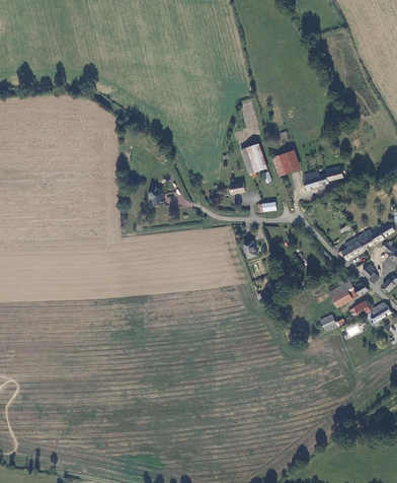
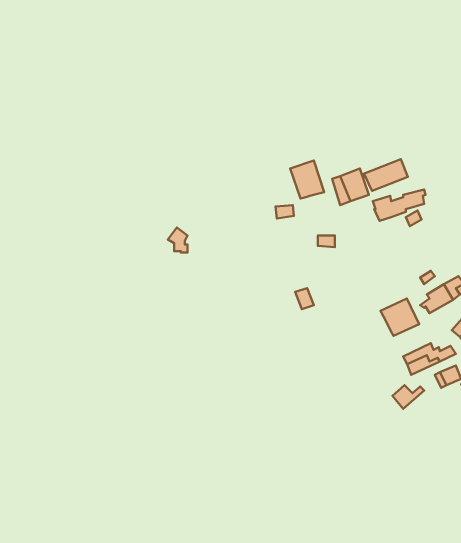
building: none -> [364,159,408,191]
building: none -> [380,298,419,336]

